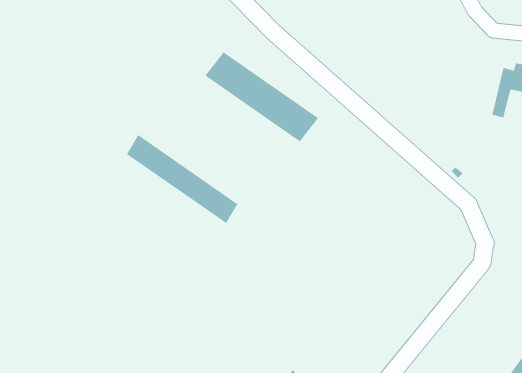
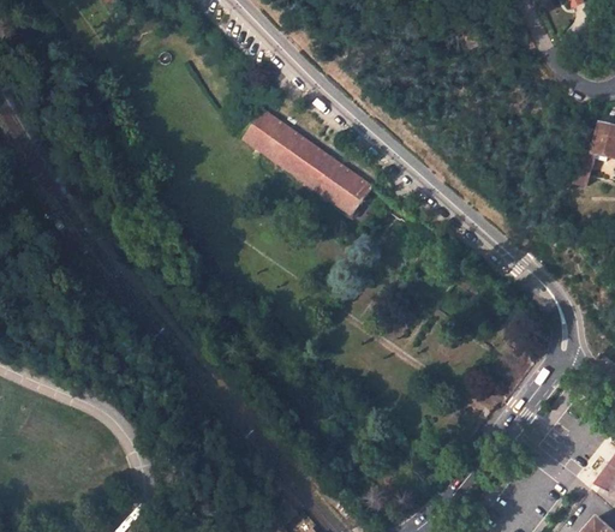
building: [126,134,238,224] -> none

